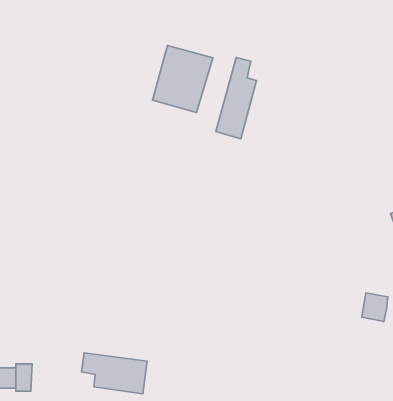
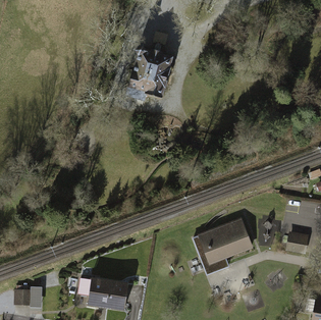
building: [216,57,256,139] -> none
building: none -> [193,221,251,275]

